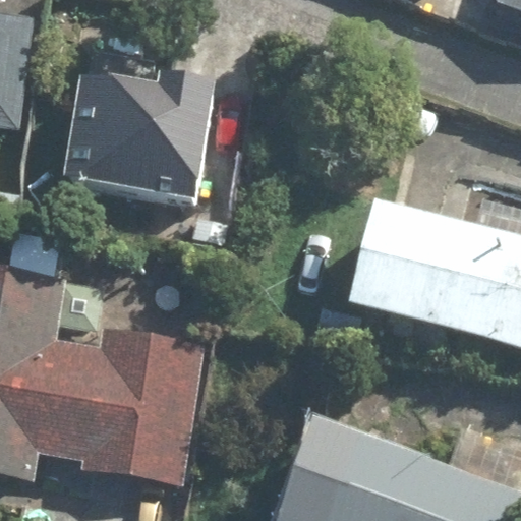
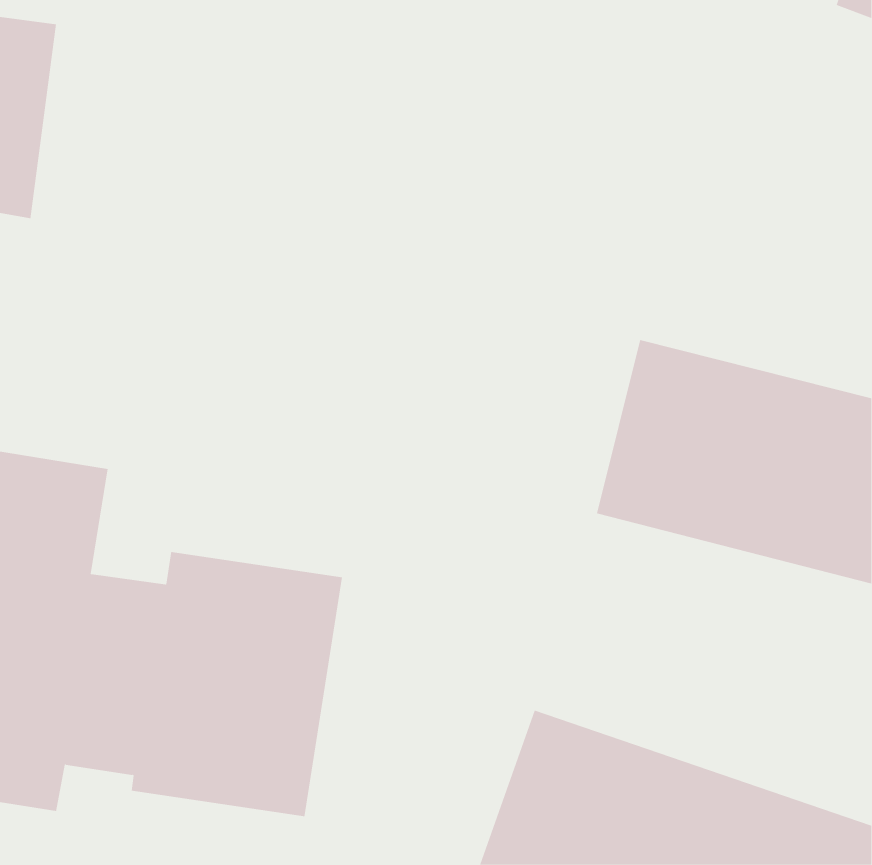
building: [61,72,217,202] -> none

